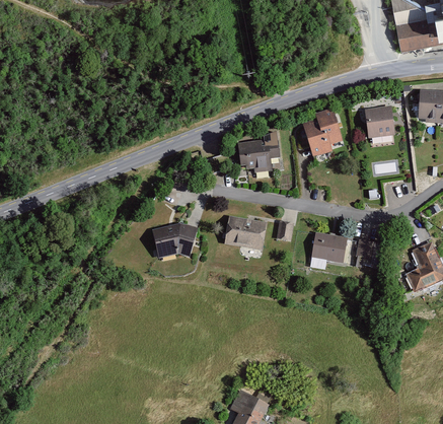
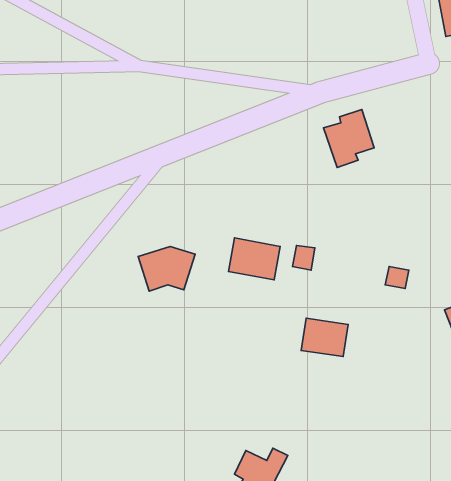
building: [364,107,394,140] -> none
building: [236,139,279,172] -> none
building: [311,232,350,264] -> [301,318,348,357]

